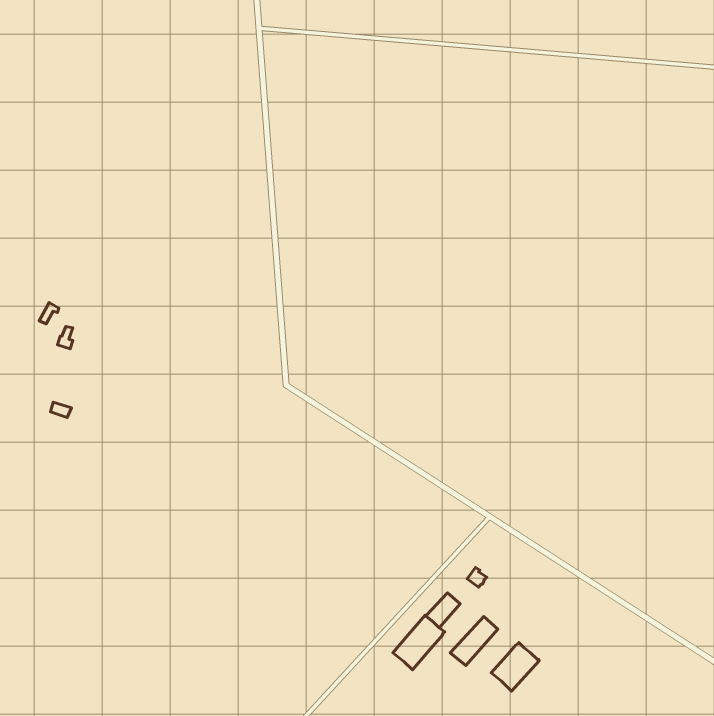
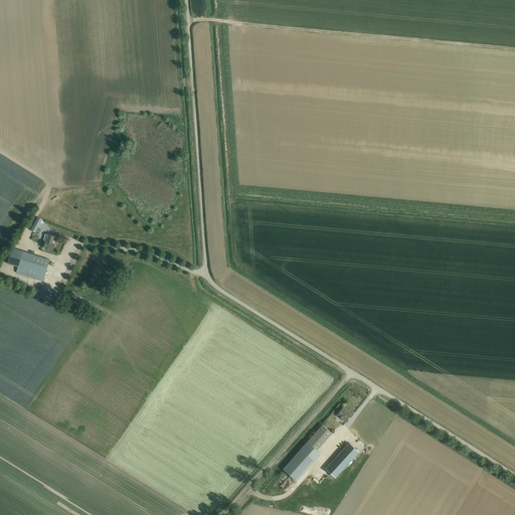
building: none -> [14,251,47,281]
building: [491,643,539,691] -> none

